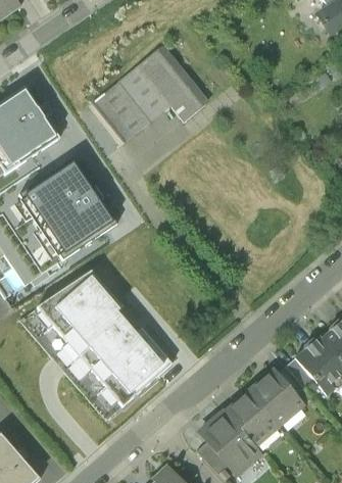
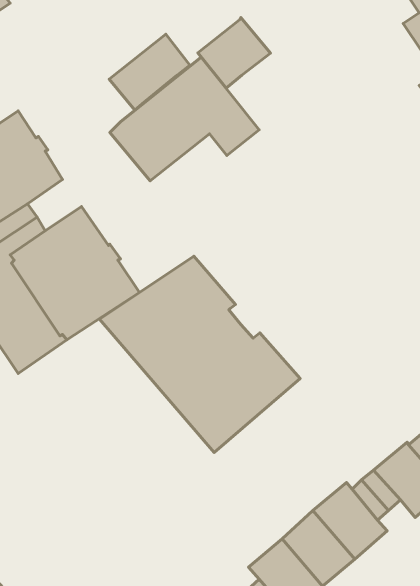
building: none -> [198,17,270,88]
building: none -> [109,34,190,110]
building: [19,271,172,420] -> [100,256,300,453]

